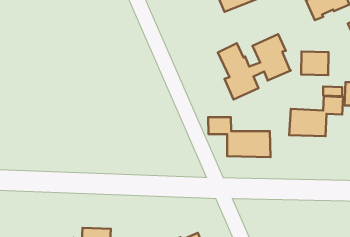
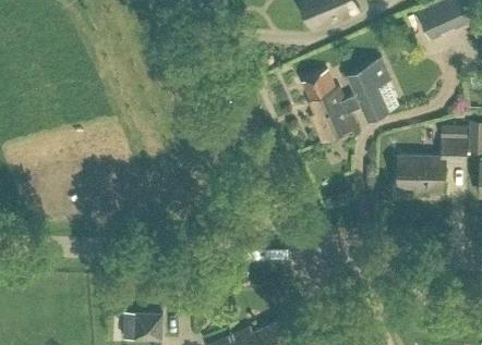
building: [301,51,328,75] -> none
building: [208,117,270,157] -> none

